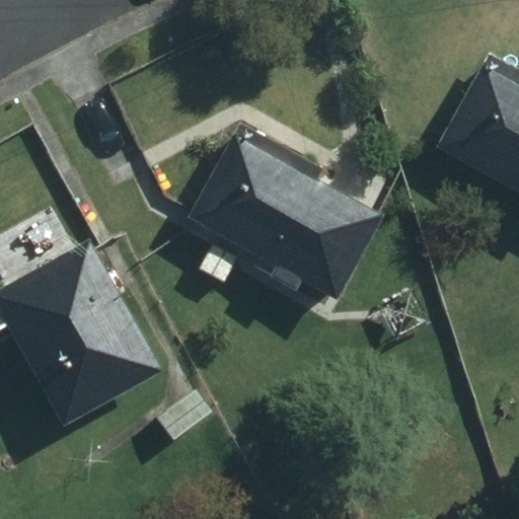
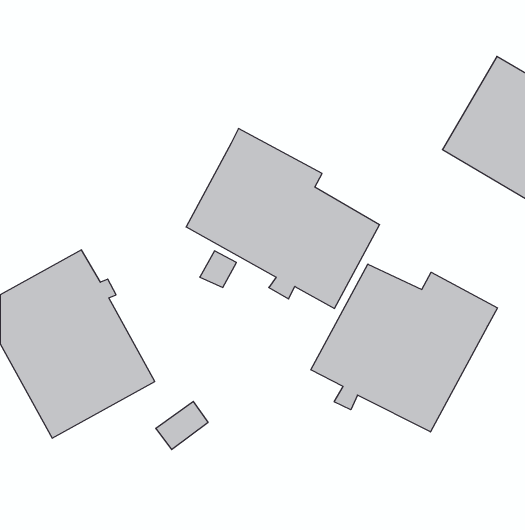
building: none -> [311,264,497,432]

